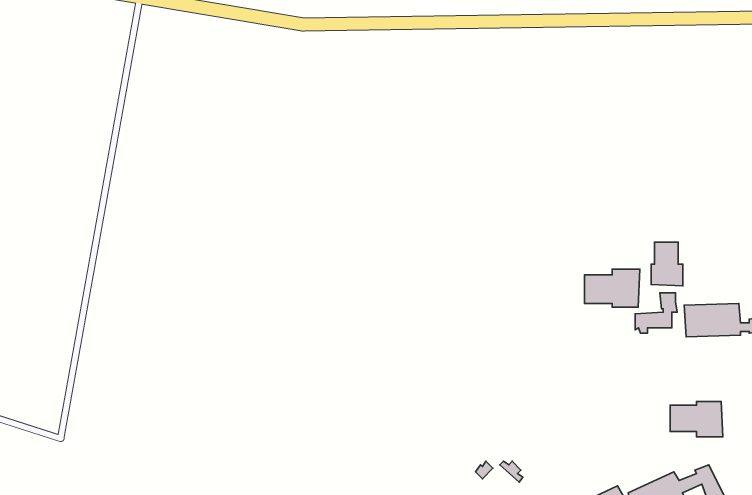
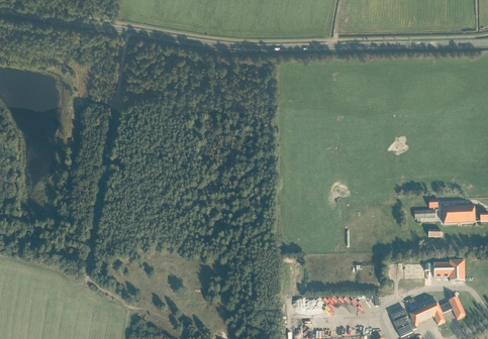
building: [651,242,683,286] -> none
building: [585,269,640,307] -> none

